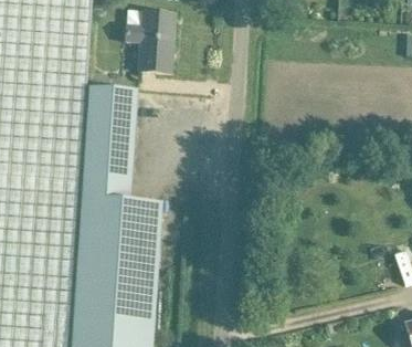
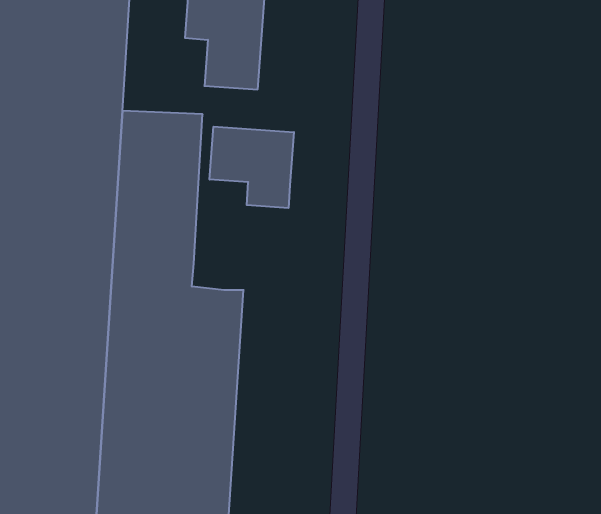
building: none -> [210,127,294,208]

